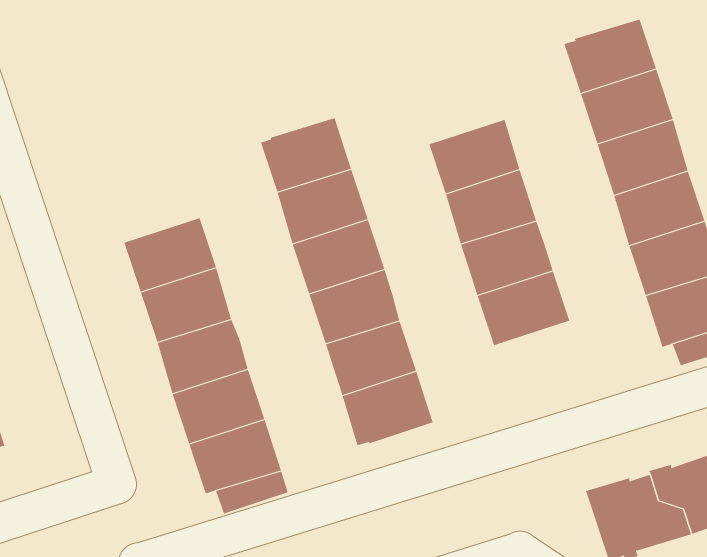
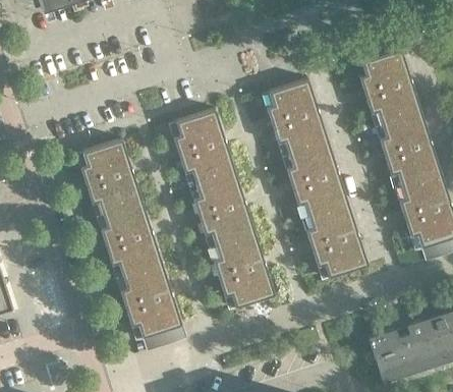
building: none -> [262,79,319,126]
building: none -> [75,139,132,186]
building: none -> [312,234,369,280]

